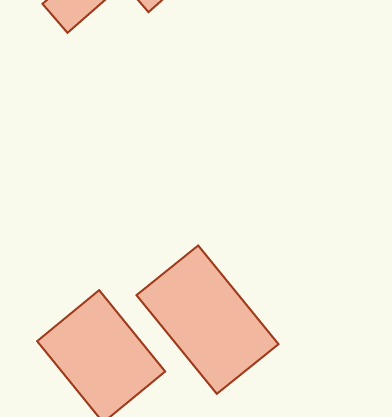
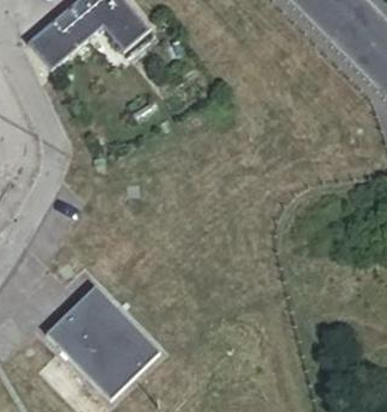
building: [136,245,278,394] -> none

